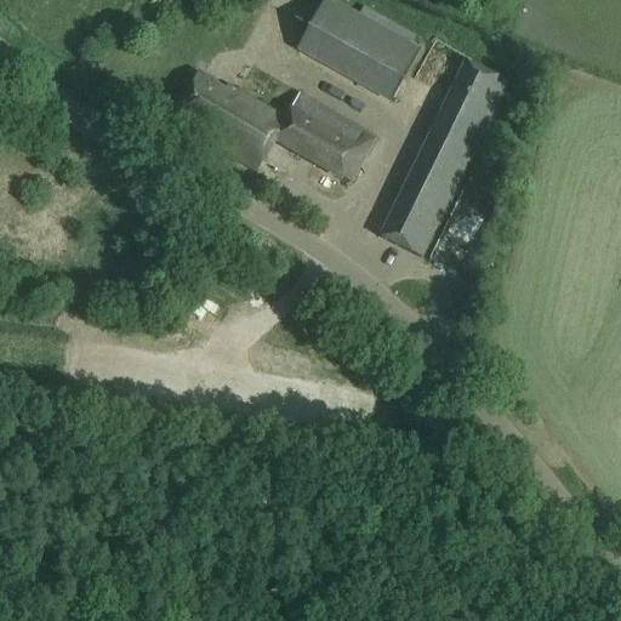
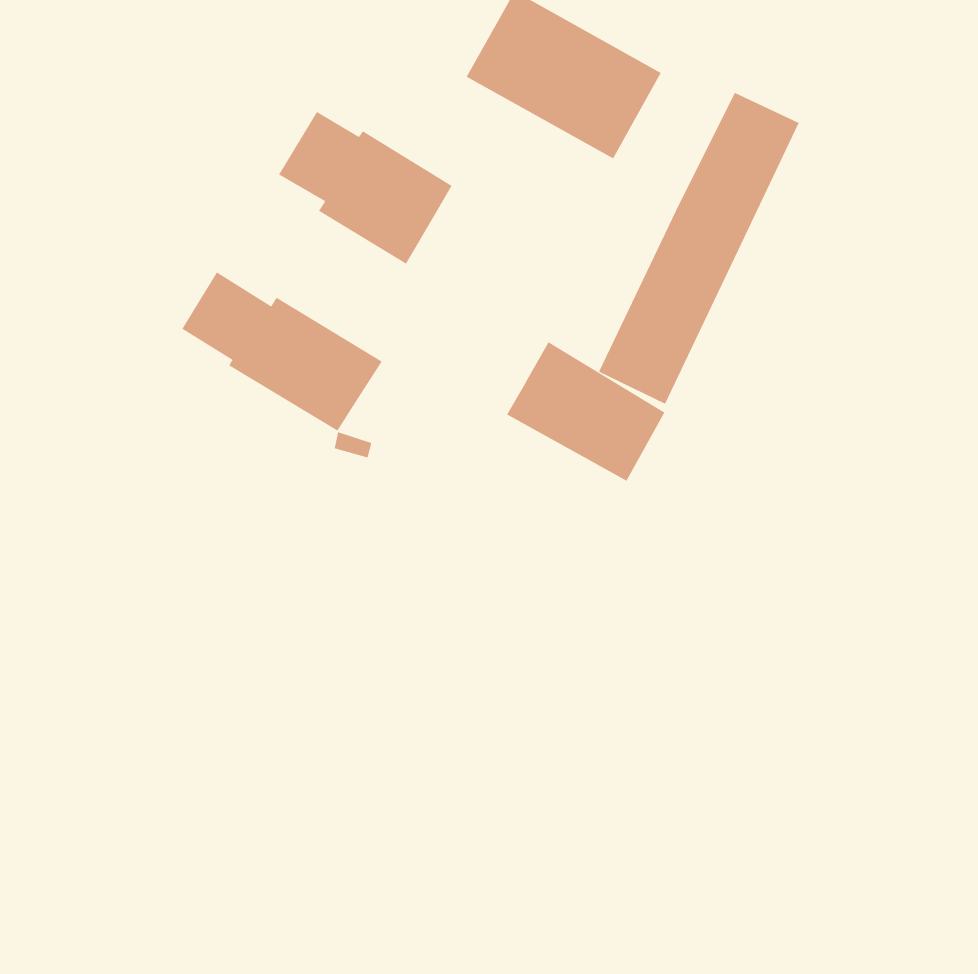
building: [275,92,376,181] -> [506,342,665,482]
building: none -> [182,271,382,431]

